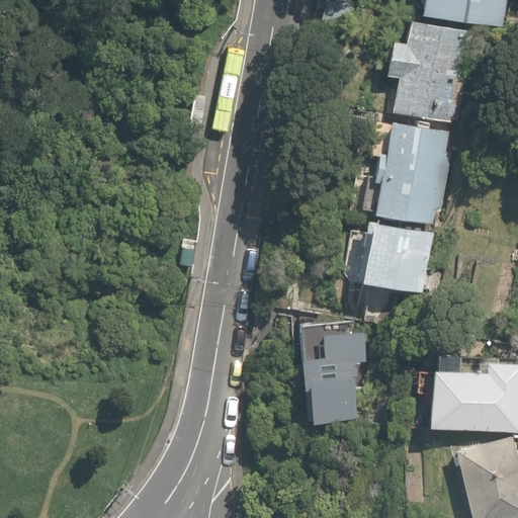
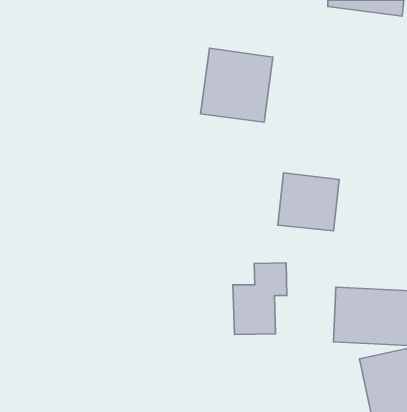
building: [384,19,469,120] -> none
building: none -> [201,48,273,122]
building: [364,121,444,229] -> none

